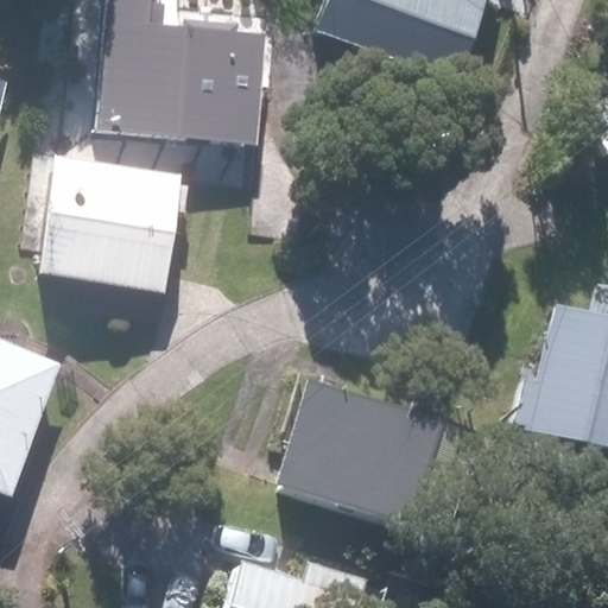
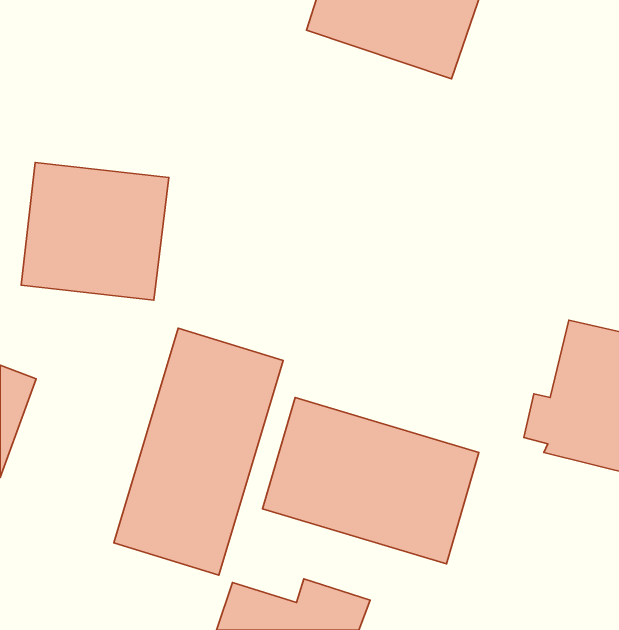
building: [95,20,264,139] -> none
building: none -> [114,328,283,575]

